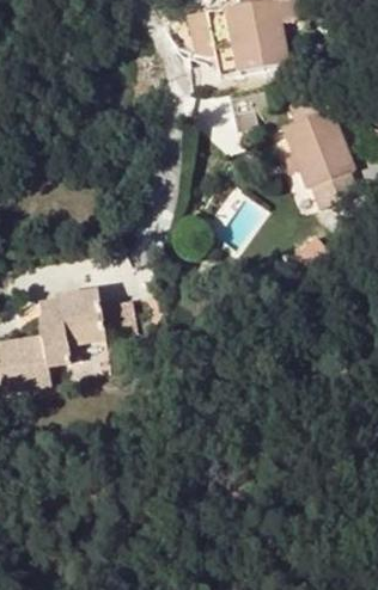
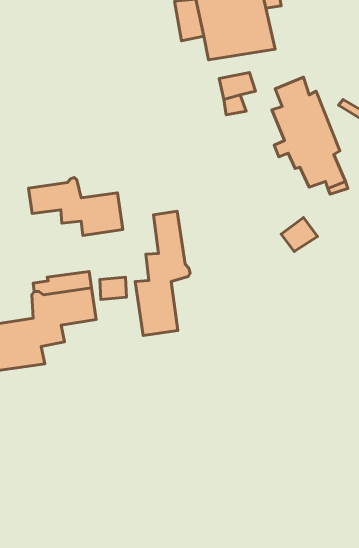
building: none -> [28,178,123,235]
building: none -> [135,211,190,335]

